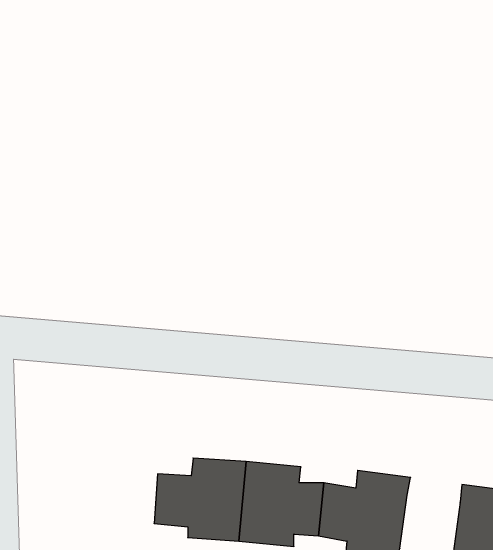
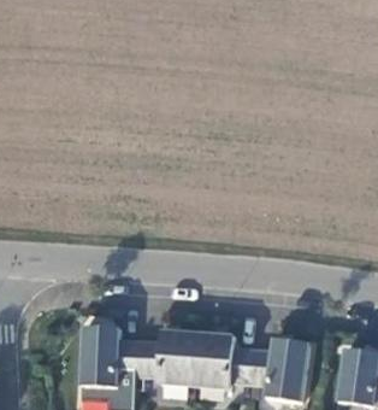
building: none -> [78,329,135,391]

